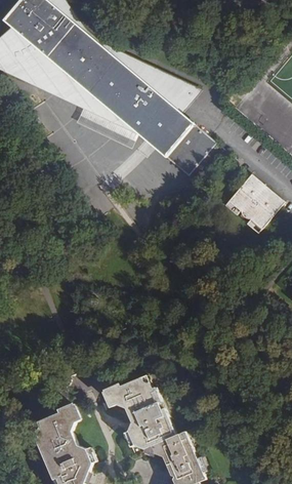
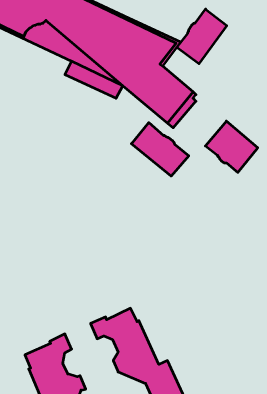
building: none -> [177,9,227,64]
building: none -> [131,123,189,176]

